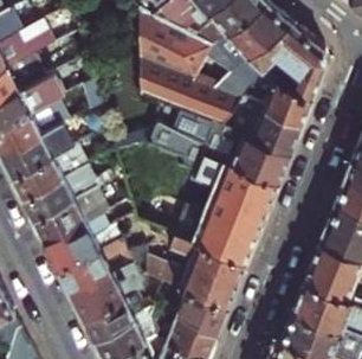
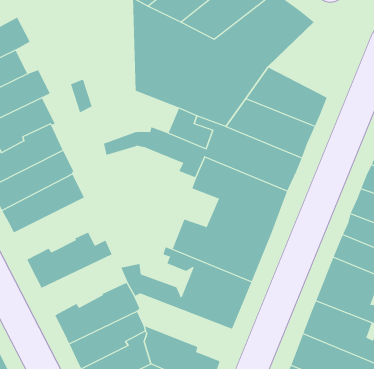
building: [260,32,328,100] -> none
building: [32,190,109,245] -> none
building: [57,241,134,295] -> none
building: [176,291,228,336] -> none

